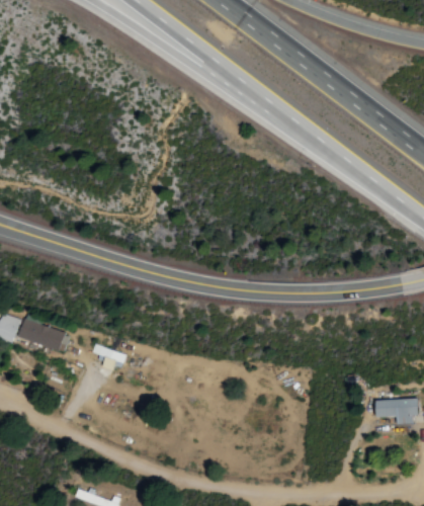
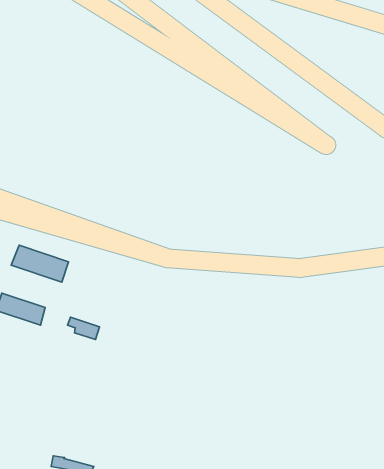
building: none -> [11,245,69,282]
building: [375,399,418,424] -> none

